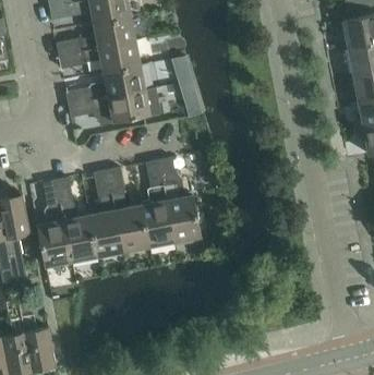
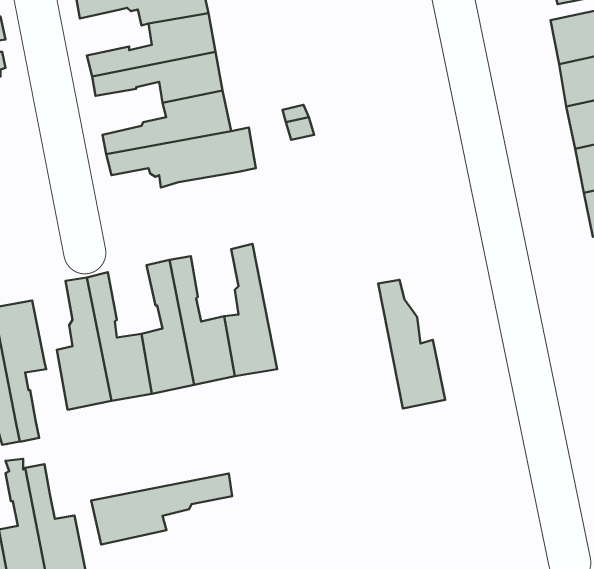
building: [159,158,201,238] -> [378,280,445,409]
building: none -> [91,473,232,544]

